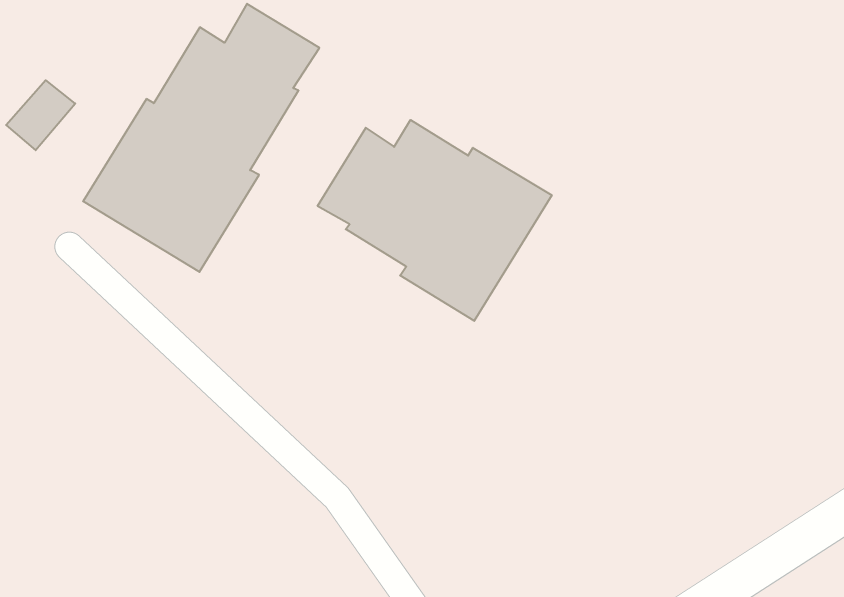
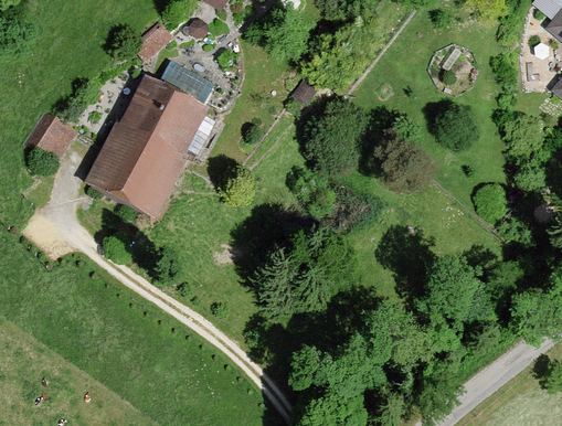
building: [318,120,552,321] -> none

